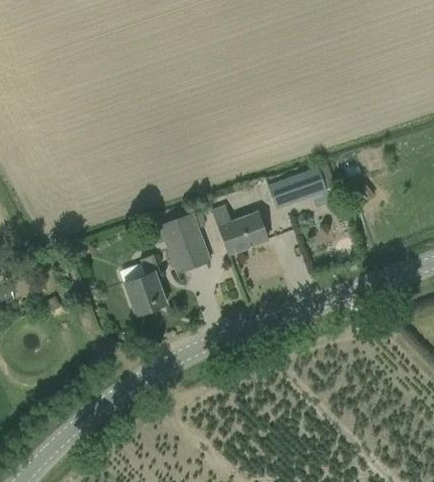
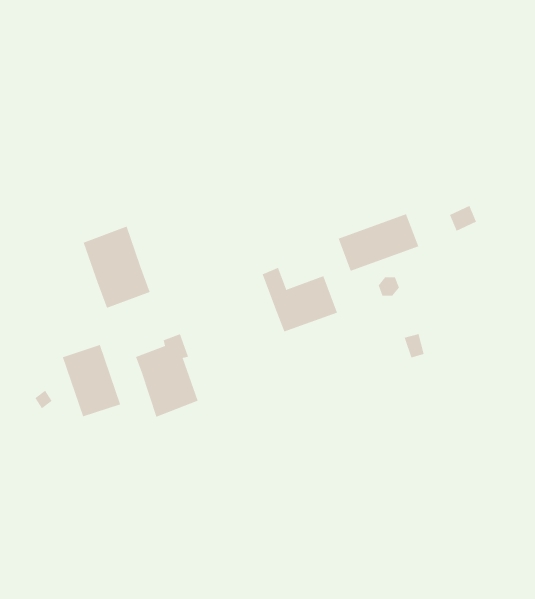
building: [161,214,210,274] -> [83,226,150,309]
building: none -> [62,344,121,417]

